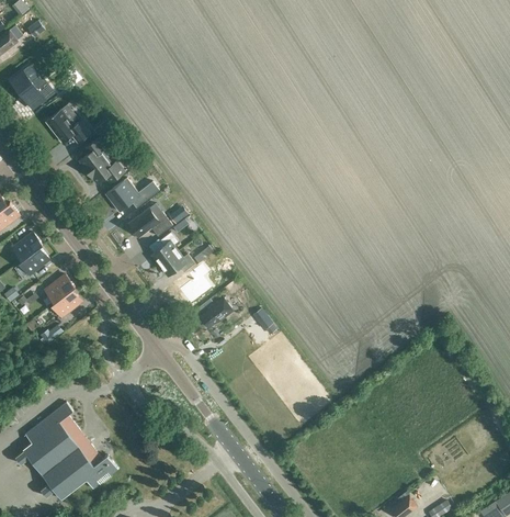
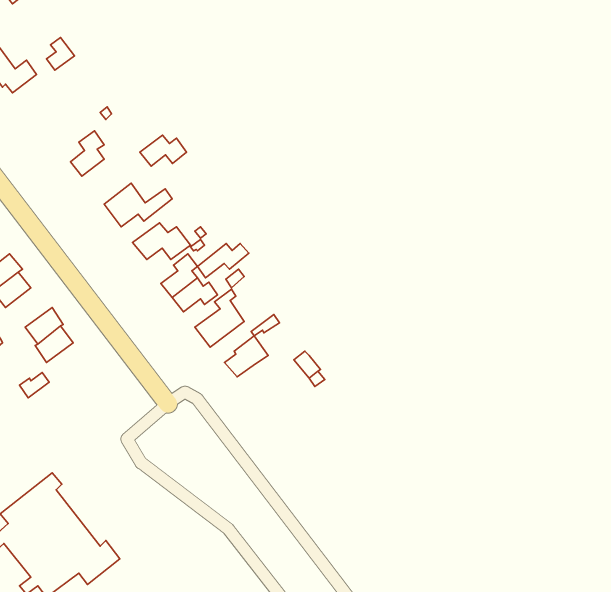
building: [45,110,90,144] -> none
building: [88,159,124,183] -> [140,135,187,166]
building: none -> [198,243,249,278]

